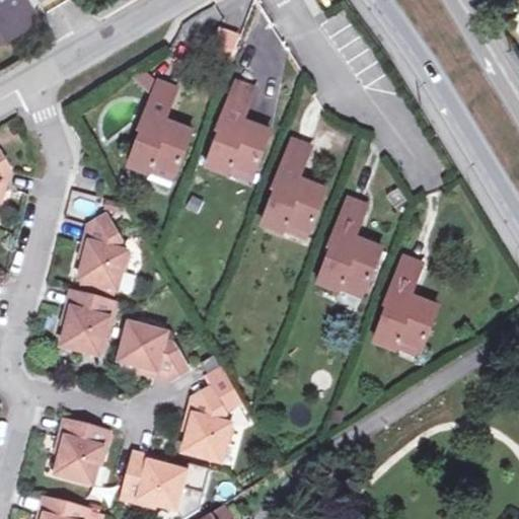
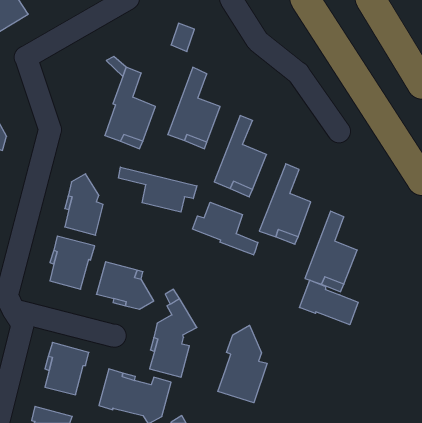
building: none -> [119,167,197,212]
building: none -> [193,202,258,255]
building: none -> [299,280,358,325]
building: none -> [218,325,267,403]

